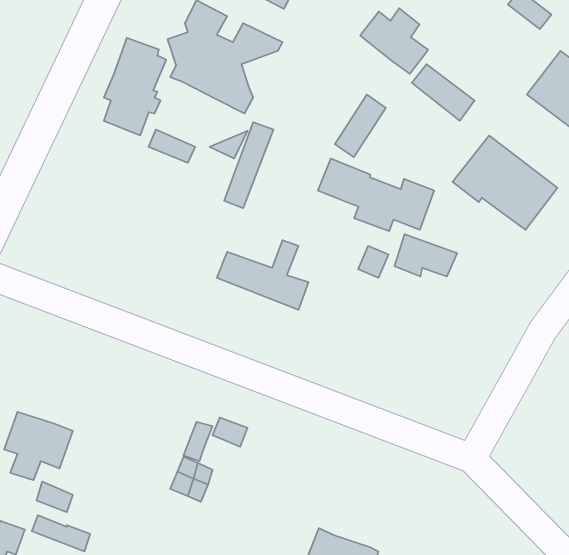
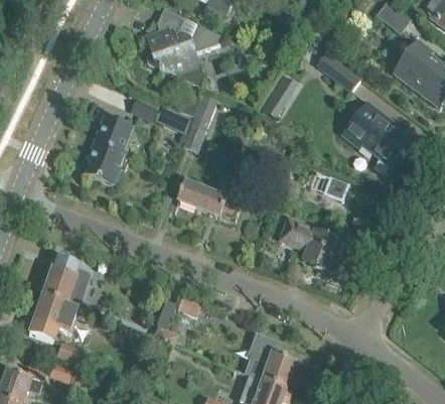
building: [360,8,428,74] -> none
building: [104,38,166,135] -> [89,117,132,184]
building: [318,158,434,231] -> [279,218,359,268]
building: none -> [39,255,95,306]
building: none -> [245,333,295,387]

